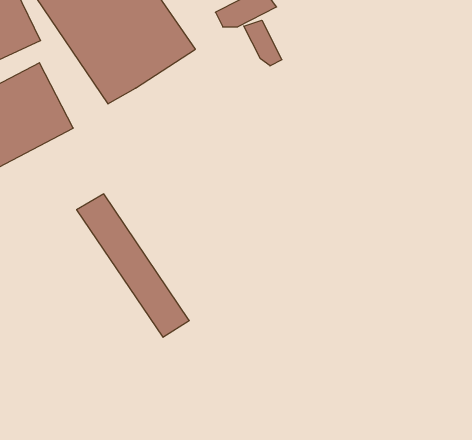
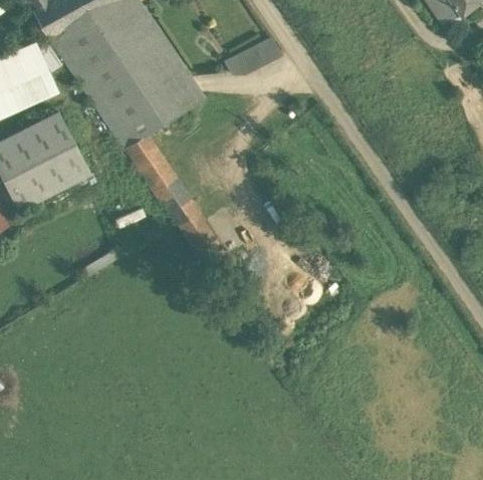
building: [244,20,282,66] -> none
building: [77,194,189,337] -> [123,134,230,270]

